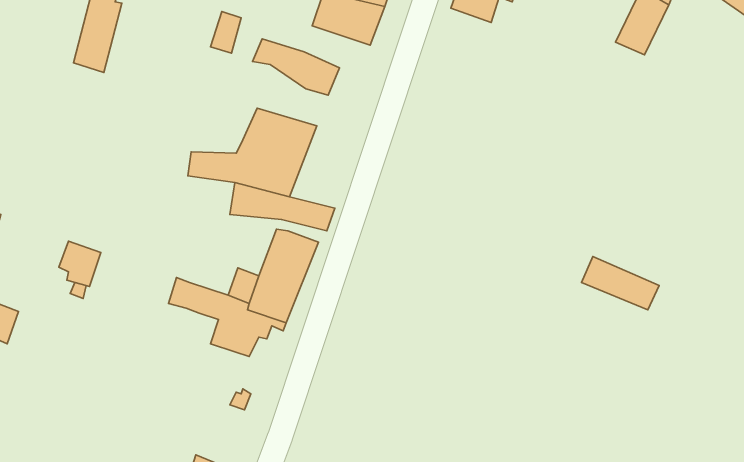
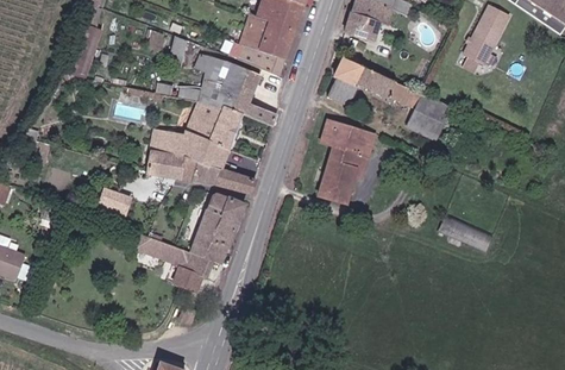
building: none -> [234,43,284,75]
building: none -> [328,57,452,140]
building: none -> [201,71,278,125]
building: none -> [318,118,377,205]
building: none -> [146,153,184,182]
building: [59,241,101,286] -> [99,186,130,219]

